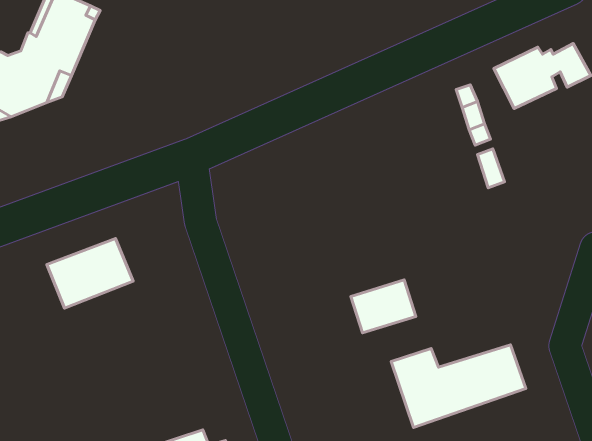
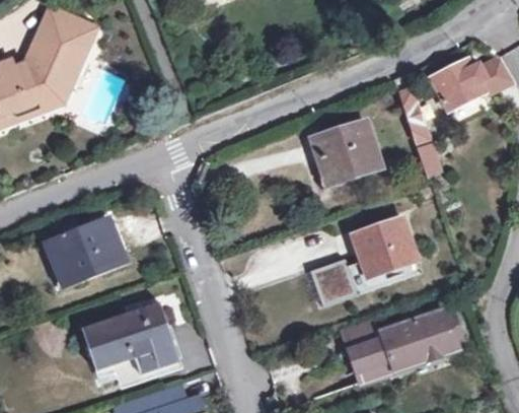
building: none -> [313,121,379,191]
building: none -> [354,218,418,275]
building: none -> [84,302,183,378]

